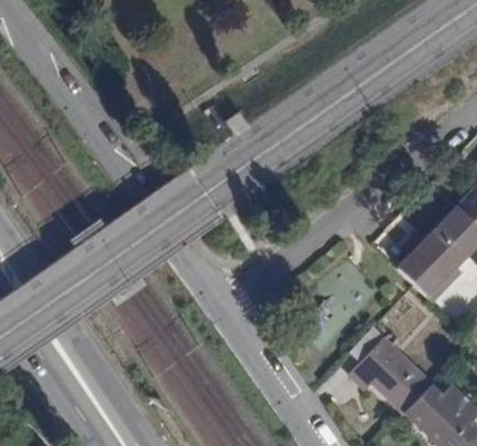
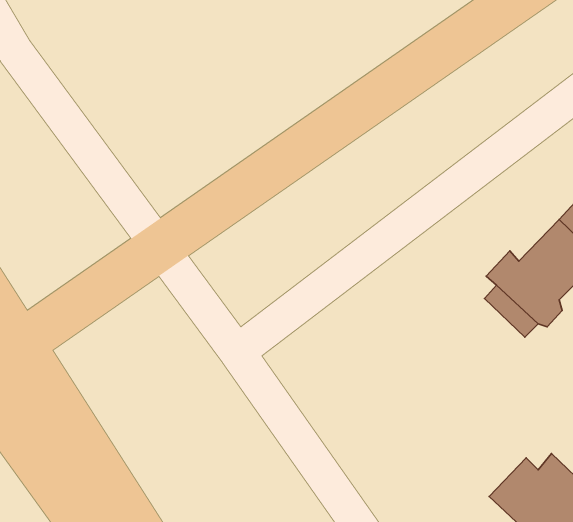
building: [349,328,431,414] -> none

